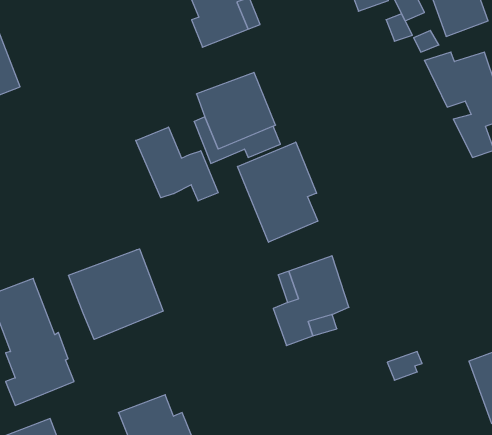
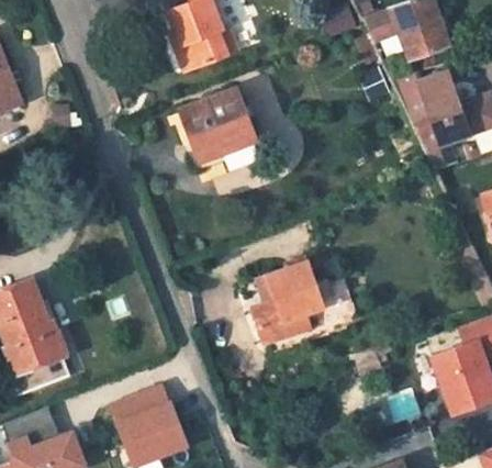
building: [136,127,218,201] -> none
building: [238,142,318,242] -> none
building: [69,249,163,339] -> none

